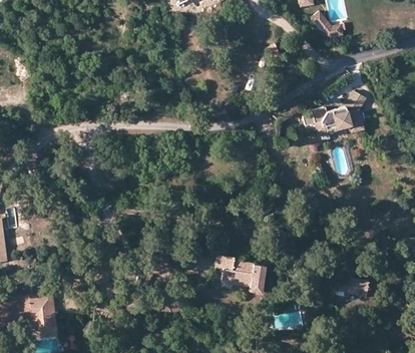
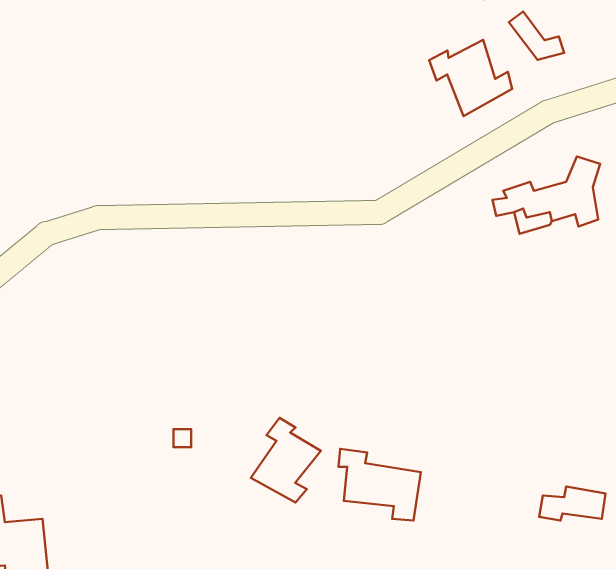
building: none -> [429,40,512,116]
building: none -> [251,418,321,503]

